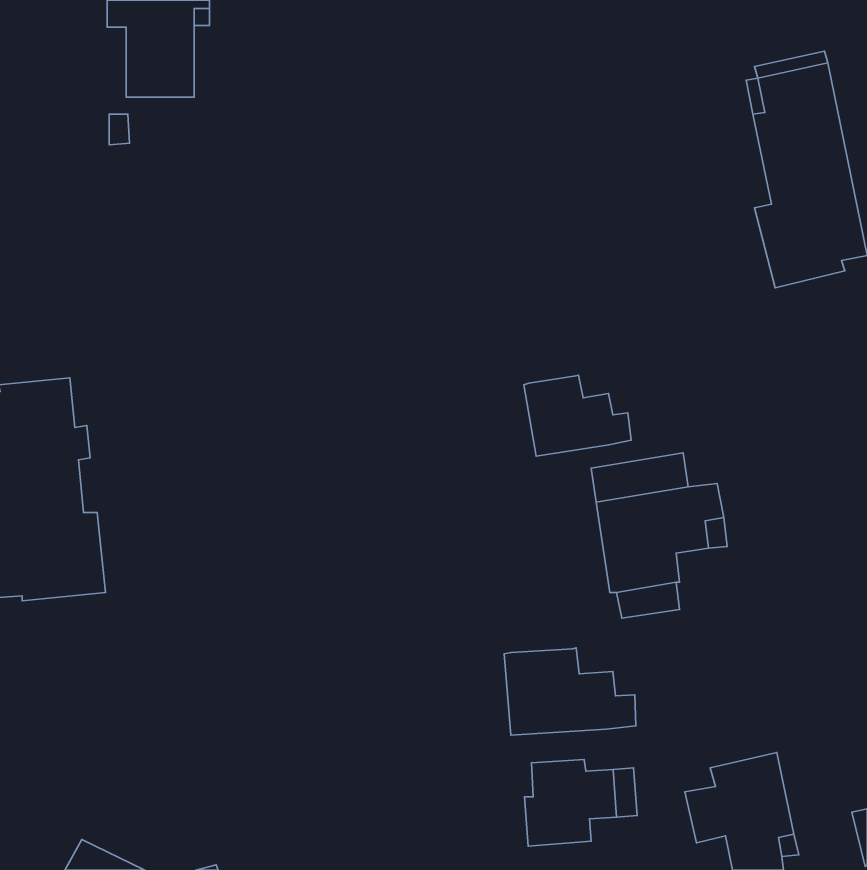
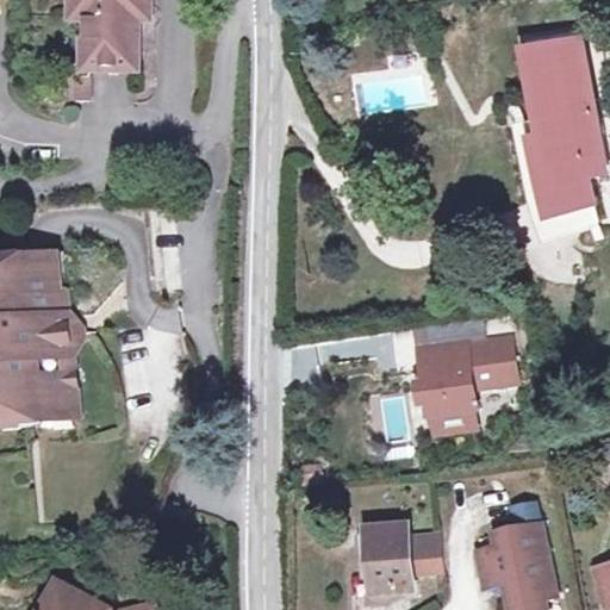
building: none -> [542,189,596,226]
building: [524,375,631,456] -> none
building: [504,648,636,735] -> none

